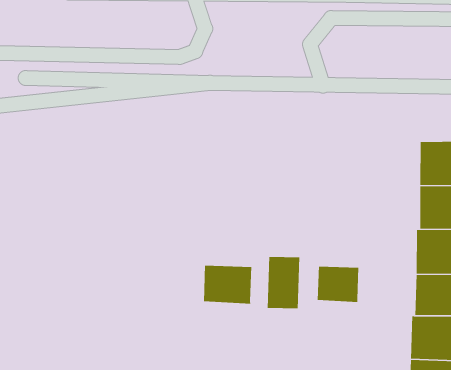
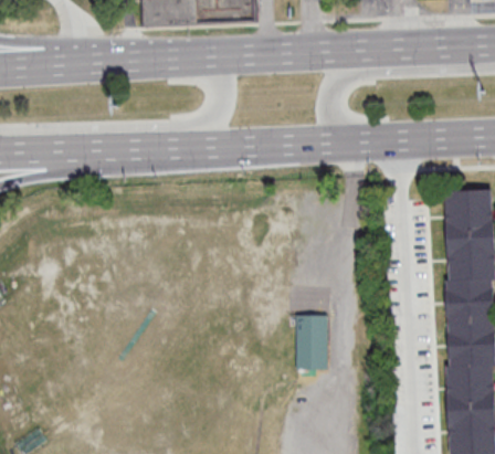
building: [203,265,252,304] -> none
building: [317,266,359,303] -> none

